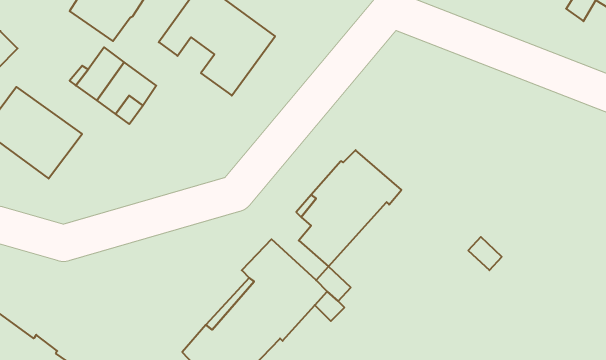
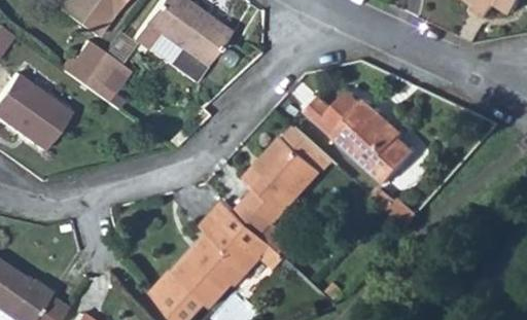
building: none -> [310,86,419,180]

